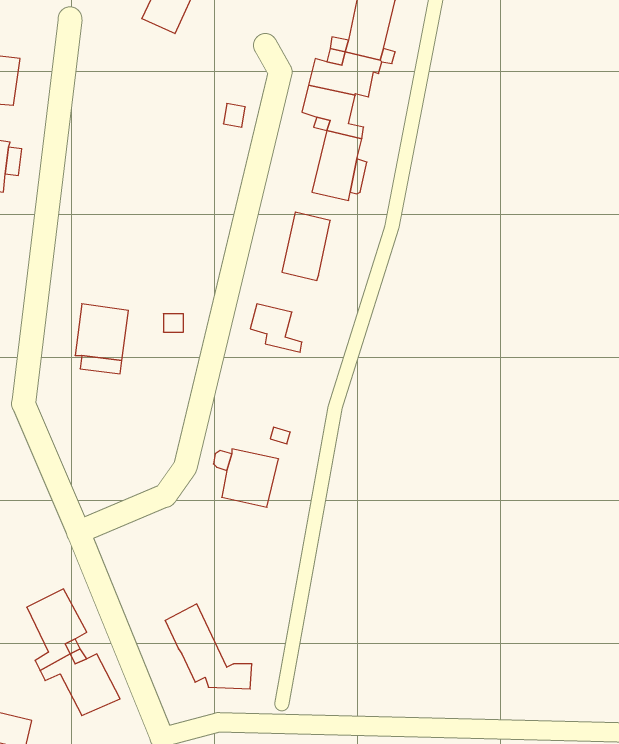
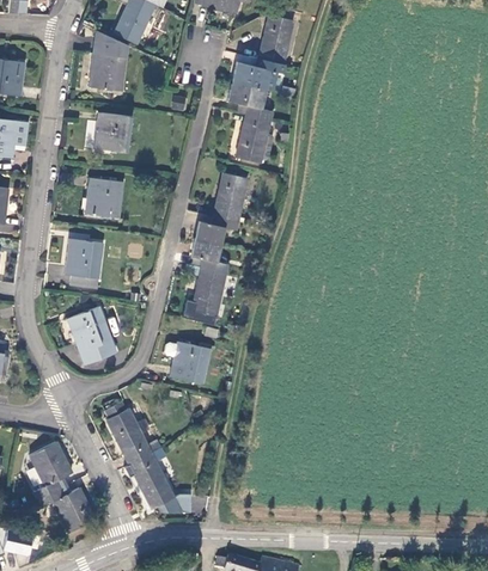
building: none -> [89,30,127,91]
building: none -> [93,111,132,152]
building: none -> [84,177,123,219]
building: none -> [195,215,238,244]
building: none -> [190,266,226,317]
building: none -> [67,307,116,366]
building: none -> [104,401,161,465]

